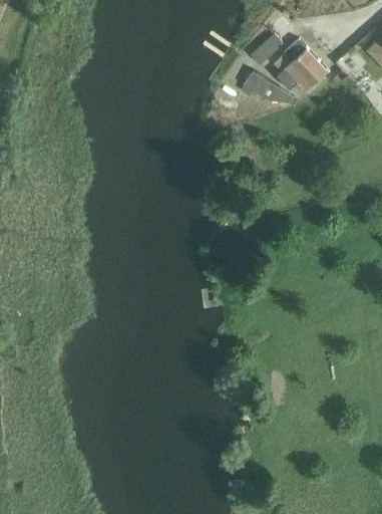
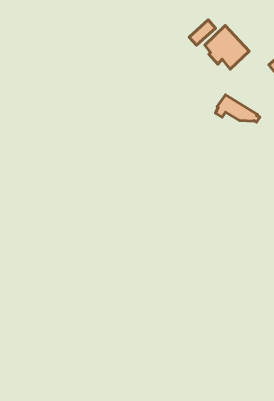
building: [241,69,295,102] -> [216,95,260,122]

